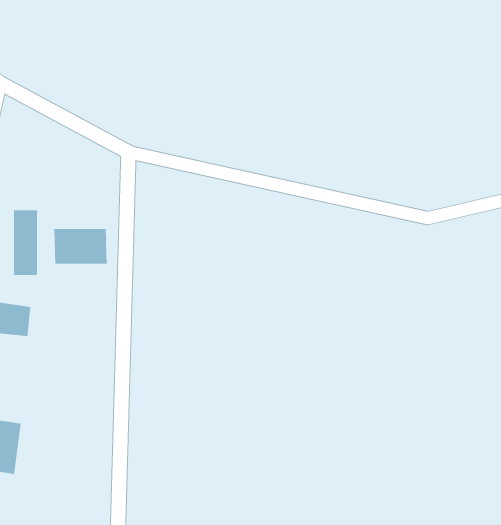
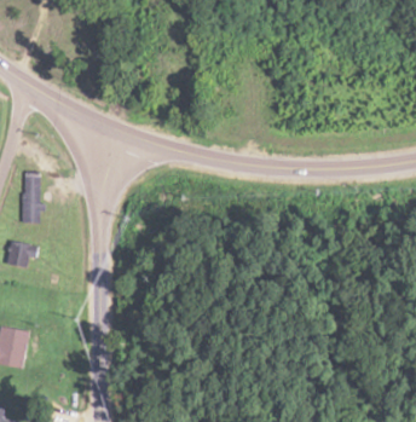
building: [54,228,107,265] -> none

